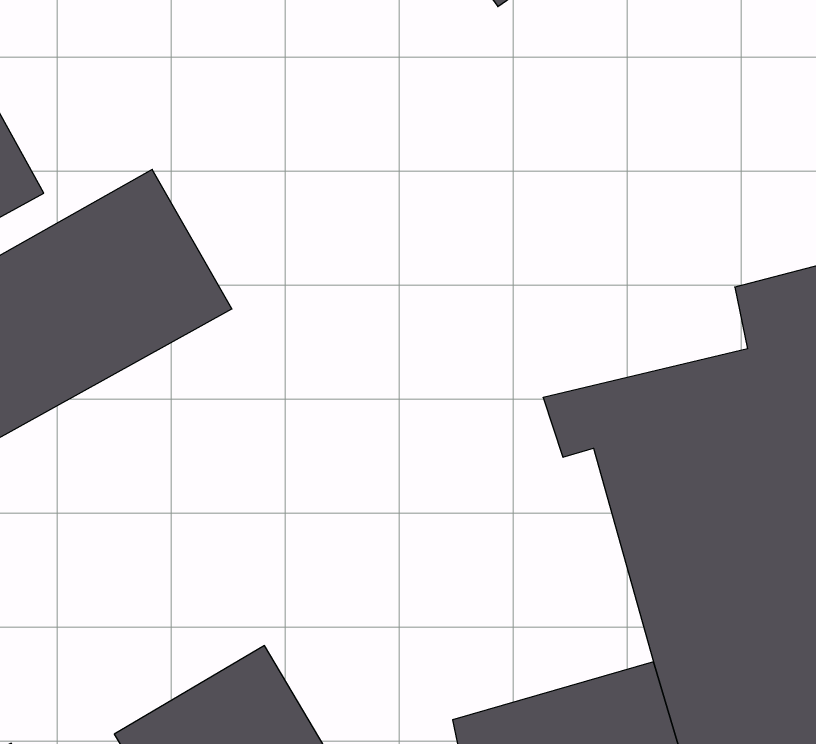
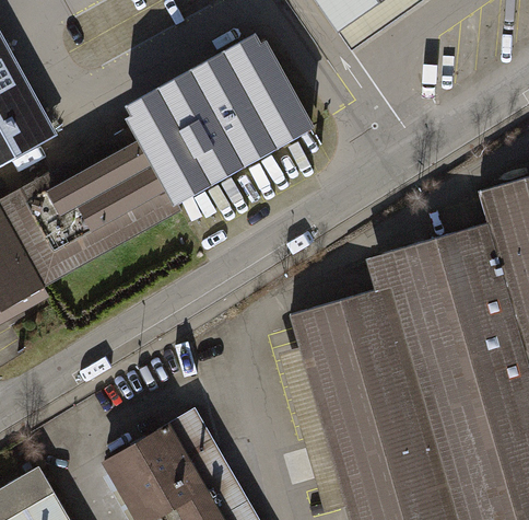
building: none -> [120,32,313,207]
building: none -> [281,291,430,455]

